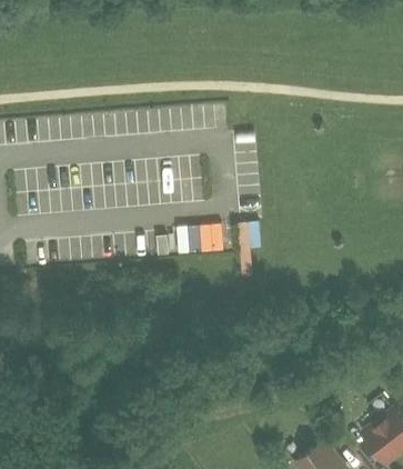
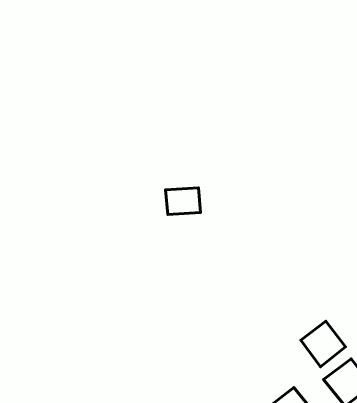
building: none -> [301,321,346,367]

